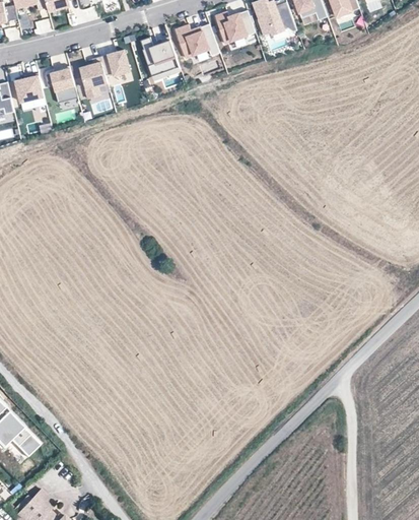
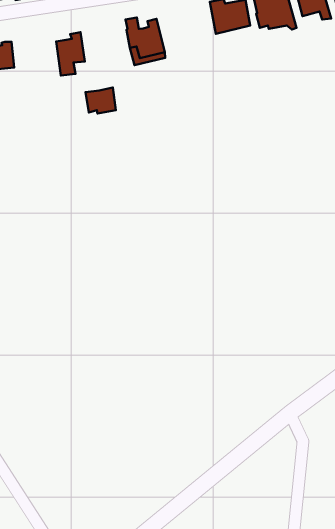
building: [174,23,220,58] -> none
building: [100,50,130,75] -> [86,88,116,114]
building: [47,68,78,103] -> none

